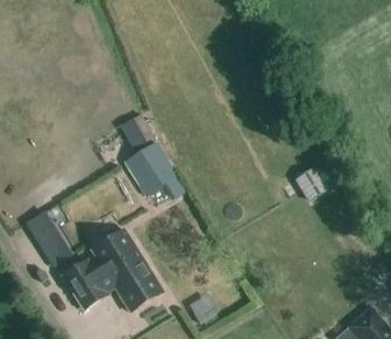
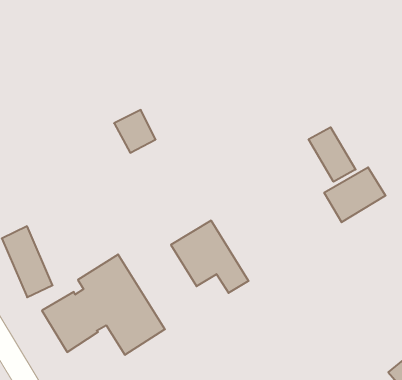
building: none -> [309,127,356,182]
building: [123,141,187,200] -> [171,221,249,293]

